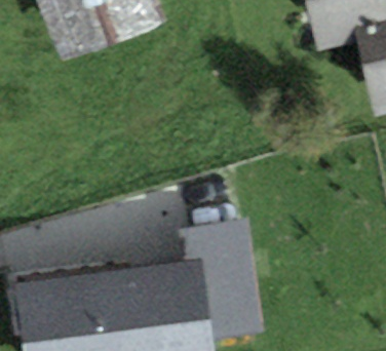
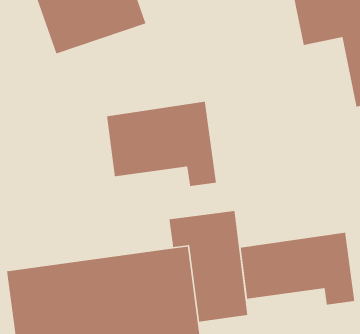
building: none -> [106,101,217,187]
building: none -> [240,232,355,305]

